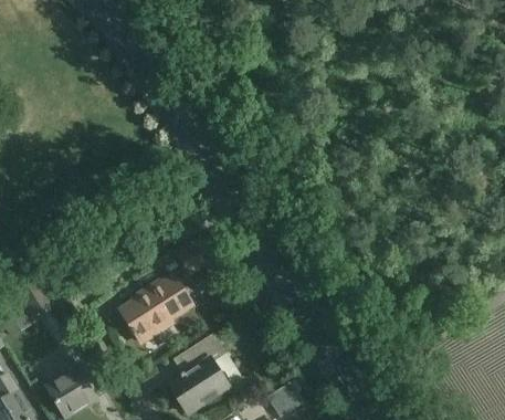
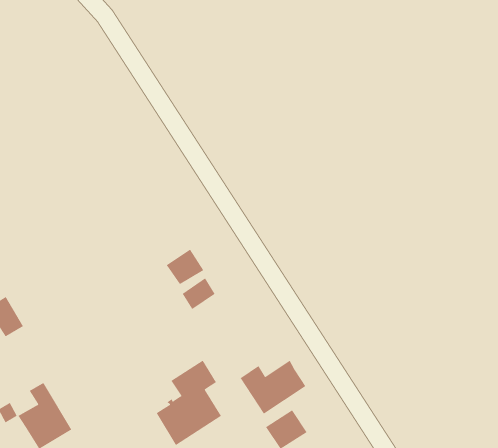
building: [122,277,192,343] -> none
building: none -> [240,360,306,414]

